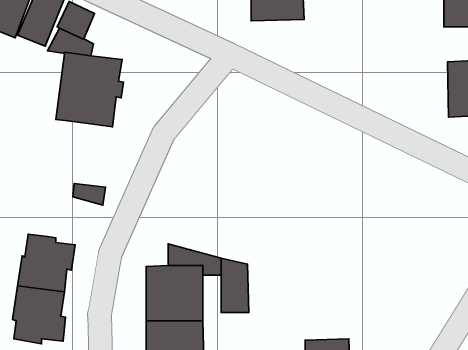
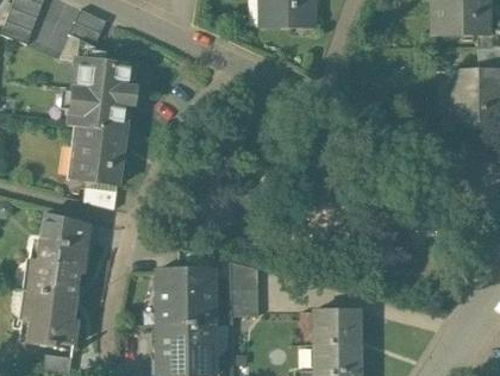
building: none -> [74,127,124,187]
building: none -> [60,212,90,250]
building: none -> [314,311,357,344]

